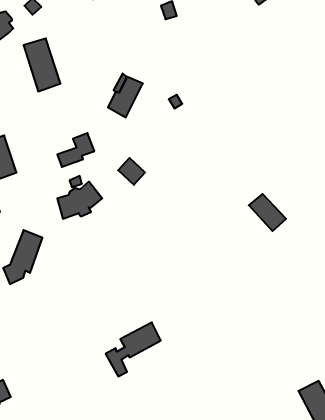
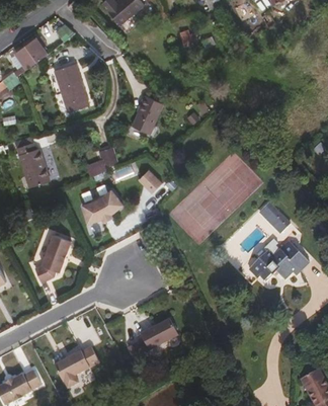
building: none -> [245,241,308,281]
building: none -> [58,343,102,384]

